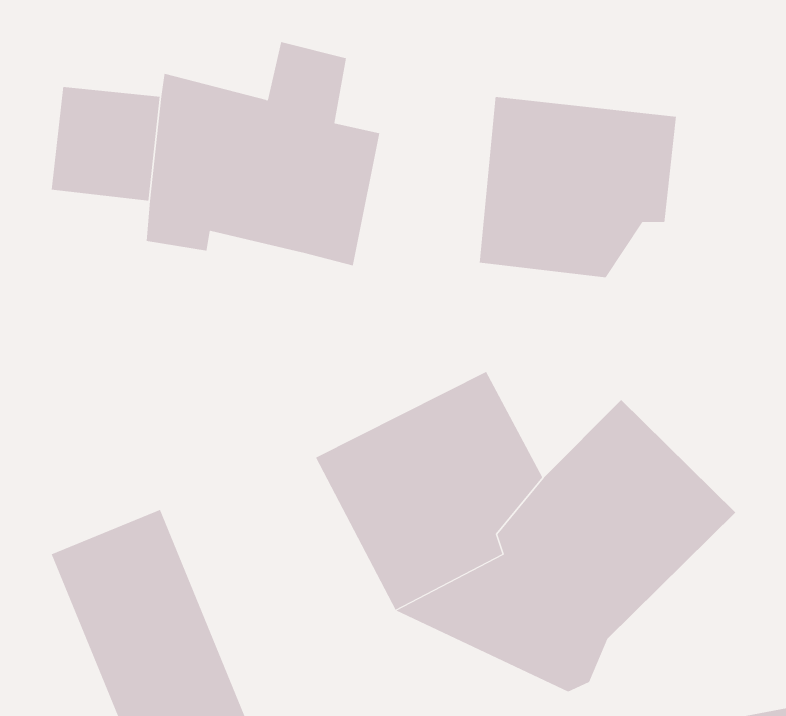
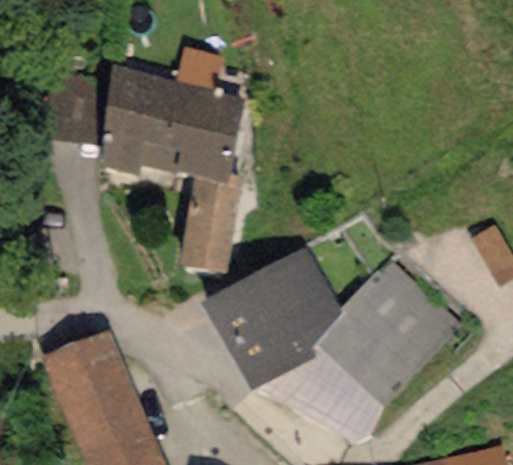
building: [479,96,677,278] -> none
building: none -> [179,173,239,270]

